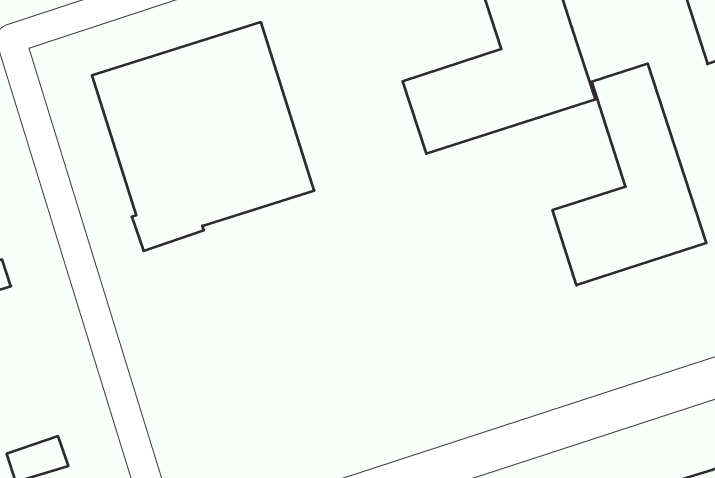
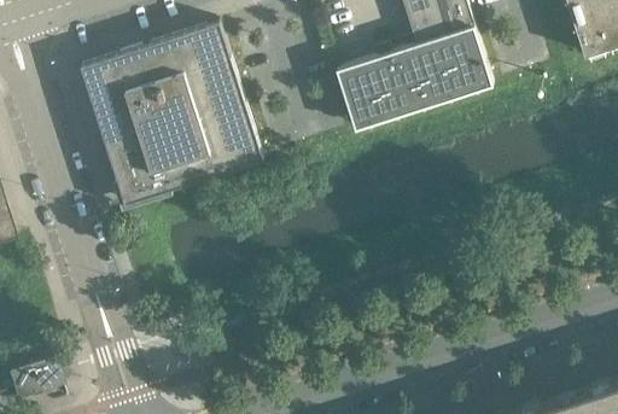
building: [553,64,706,285] -> none

